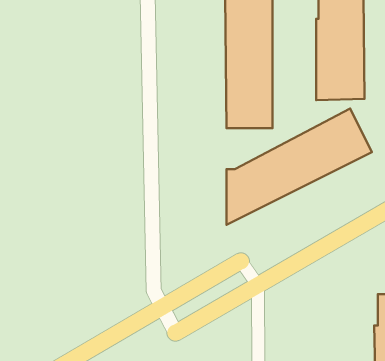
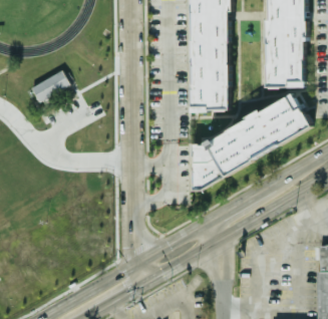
building: none -> [31,69,70,101]

